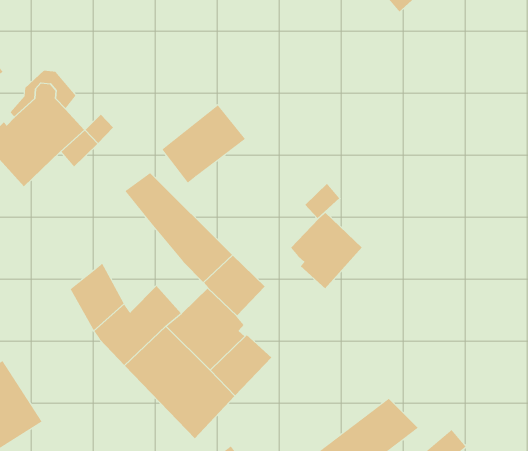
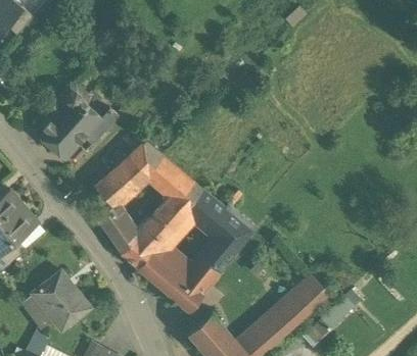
building: [161,105,246,184] -> [95,157,148,209]
building: [290,212,362,289] -> [207,206,253,255]
building: none -> [154,199,187,232]

